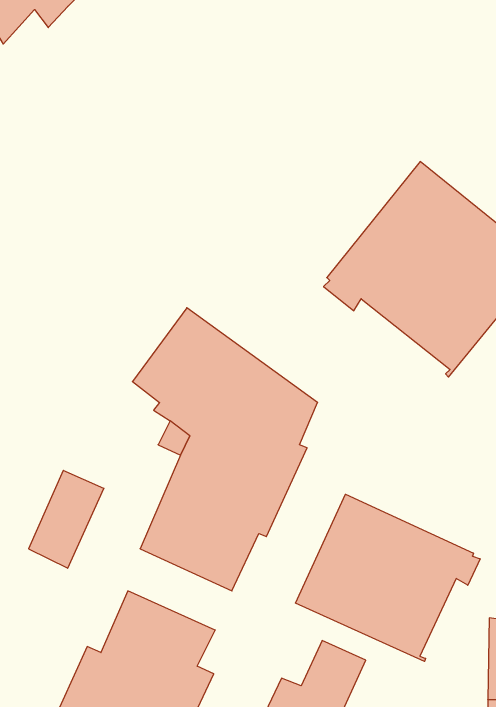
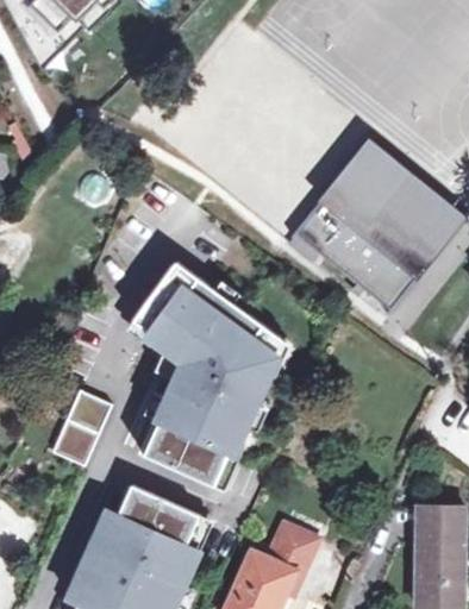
building: [295,494,480,661] -> none

